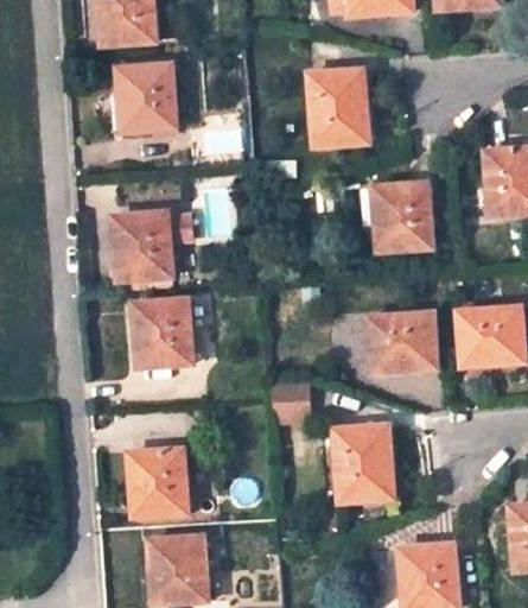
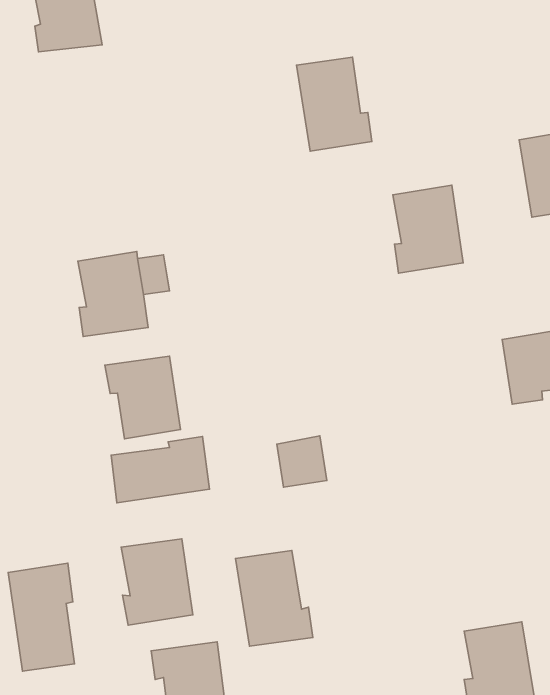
building: [117,65,174,131] -> none
building: [368,314,438,369] -> none
building: none -> [111,437,210,503]
building: [333,428,390,502] -> [236,550,313,646]
building: none -> [8,563,74,671]

